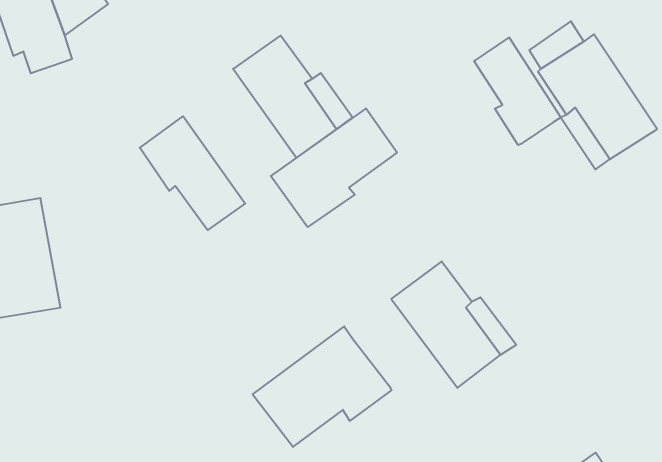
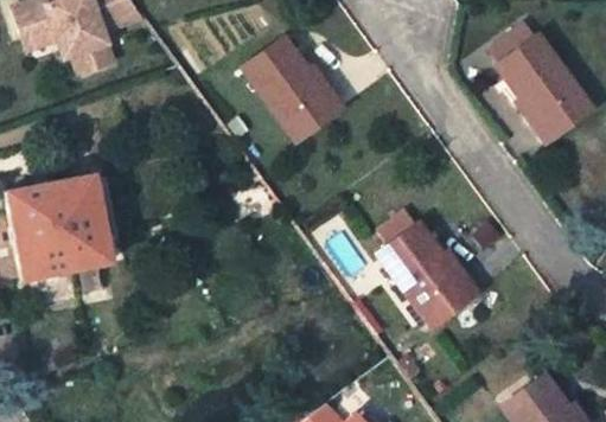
building: [474,37,561,145] -> none
building: [271,108,397,227] -> none
building: [140,116,245,230] -> none
building: [253,326,391,447] -> none

